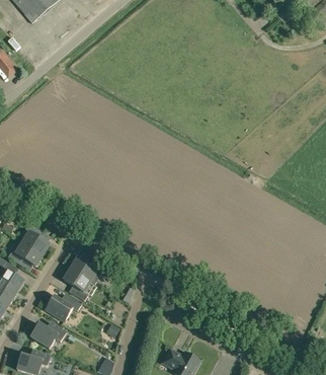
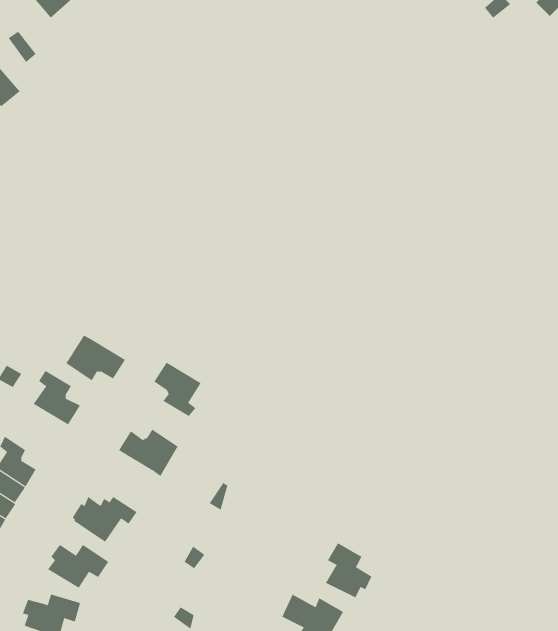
building: [7,240,42,267] -> [66,335,126,381]
building: [63,269,90,300] -> [154,362,202,417]
building: none -> [325,542,372,598]

